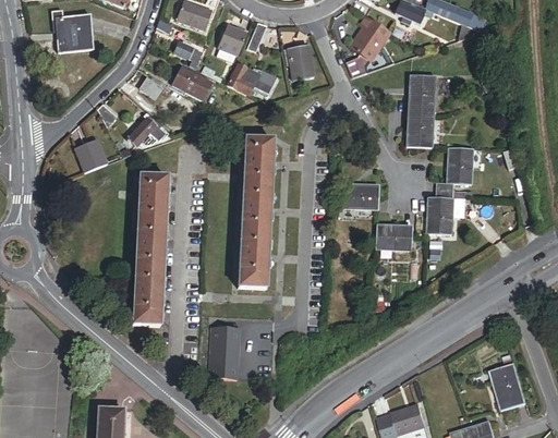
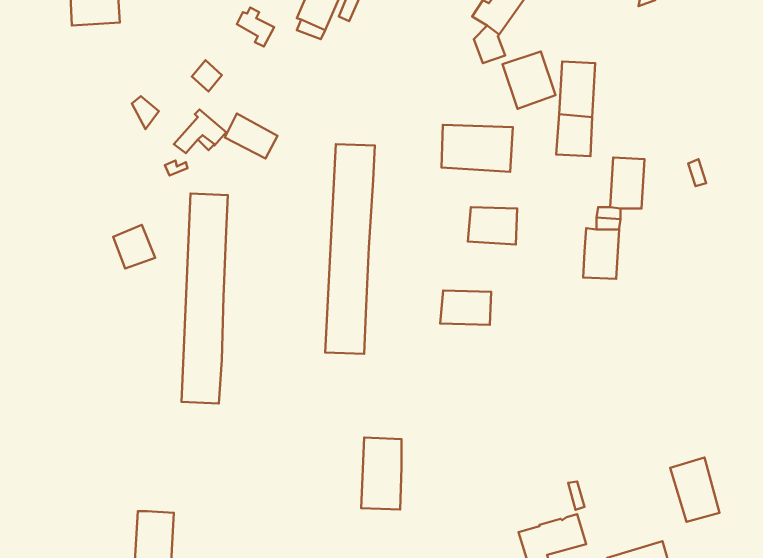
building: [289,45,314,80] -> none
building: [229,61,275,92] -> none
building: [172,64,210,97] -> [225,113,277,158]
building: none -> [502,52,556,109]
building: none -> [441,125,513,172]
building: [81,139,111,171] -> [113,225,155,268]
building: [375,226,412,251] -> [440,290,491,325]
building: [211,327,241,379] -> [361,438,402,510]

